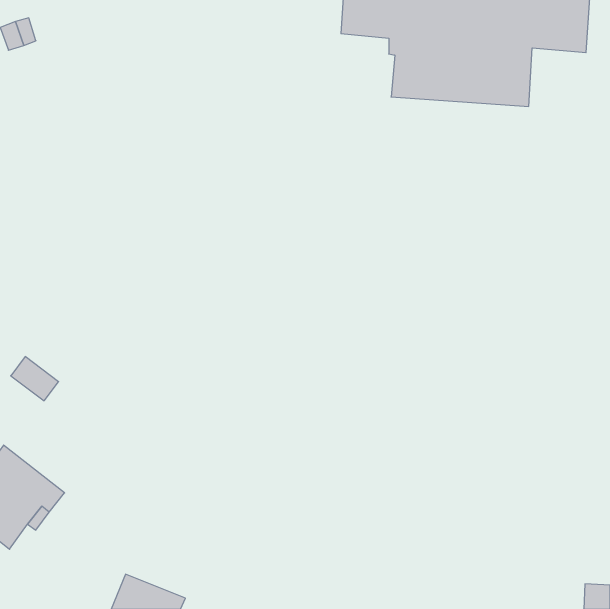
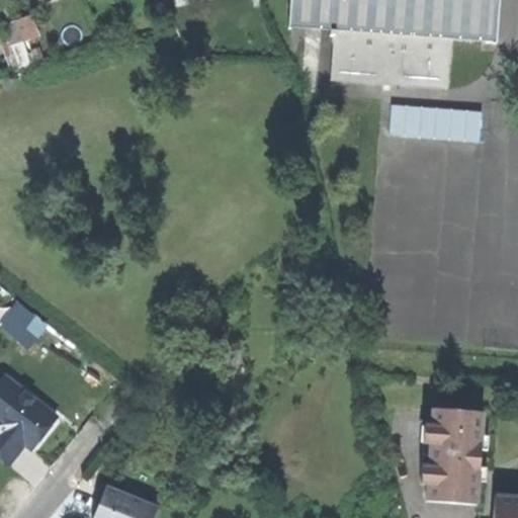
building: none -> [391,101,485,141]
building: none -> [427,410,484,503]

